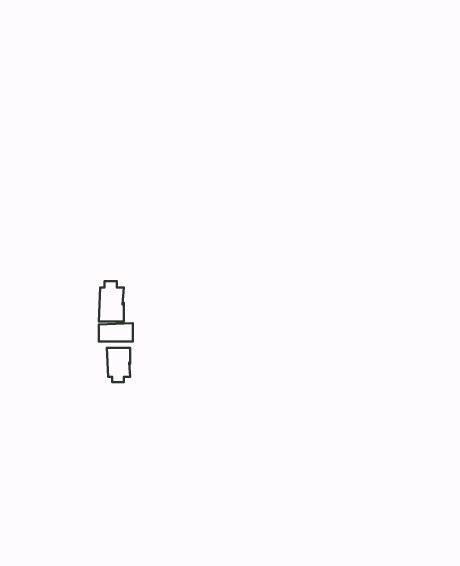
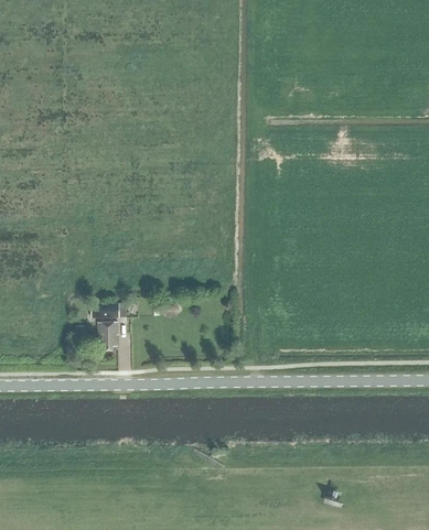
building: [99,281,124,322] -> none

